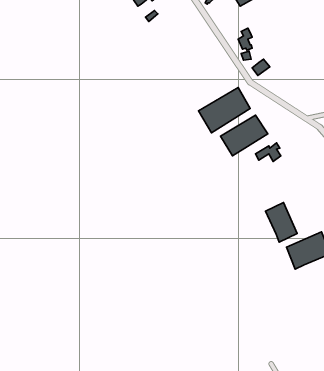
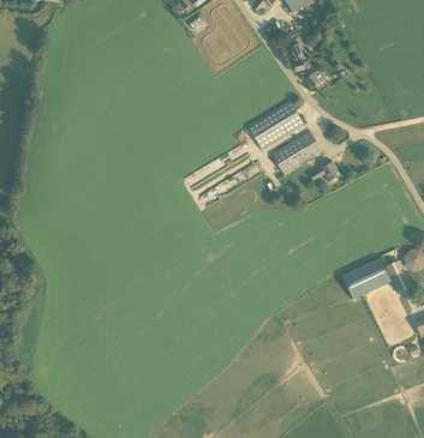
building: [266,203,297,242] -> none

